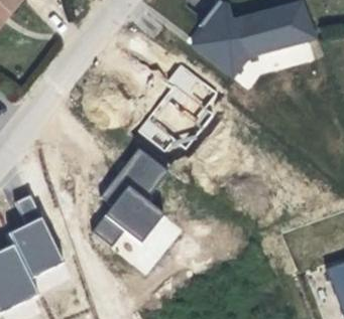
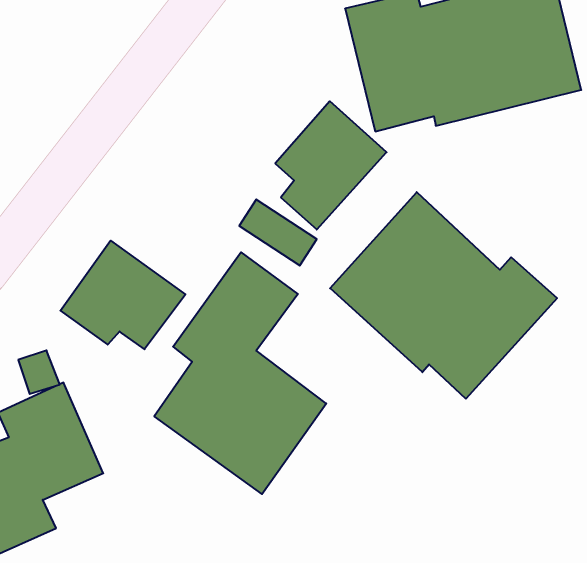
building: none -> [330,192,557,399]
building: none -> [60,241,185,349]

